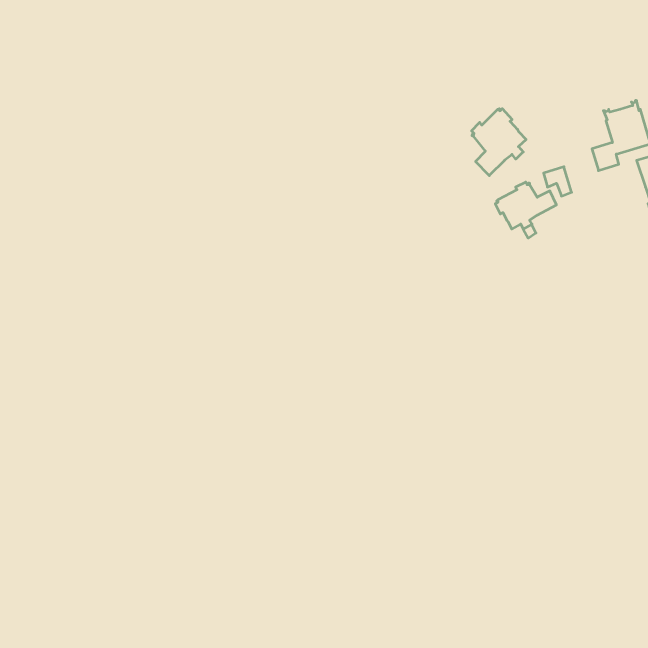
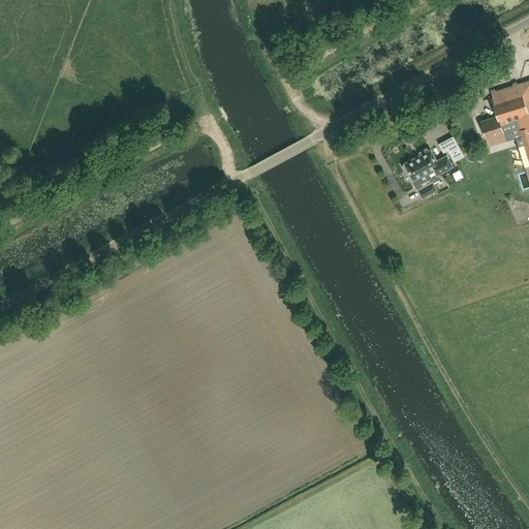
building: [472,109,526,176] -> none

